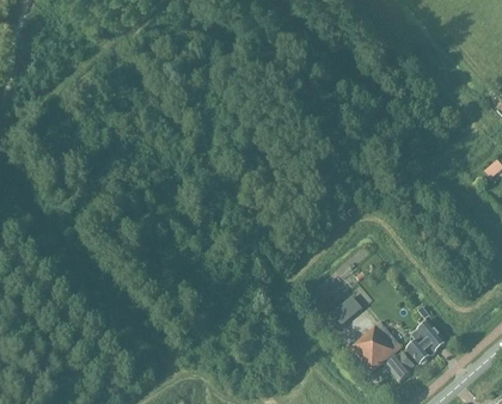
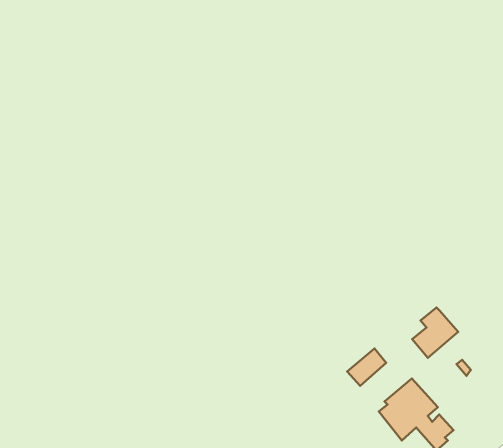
building: [406,323,445,365] -> [412,307,458,358]

